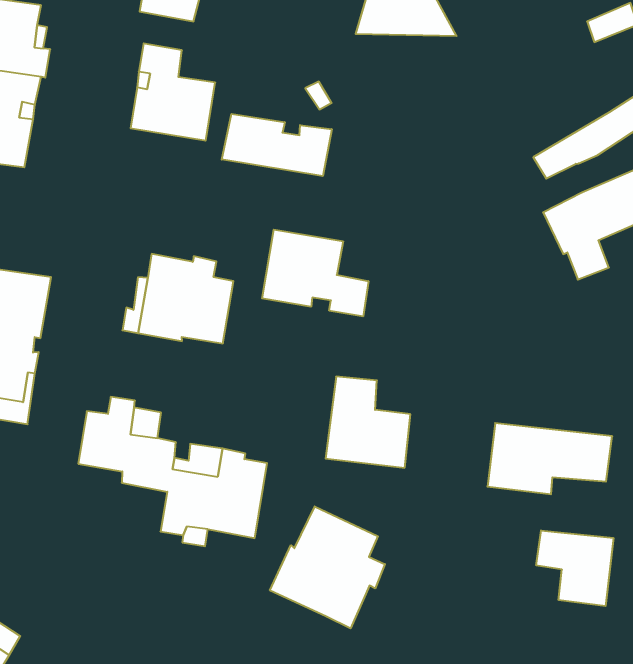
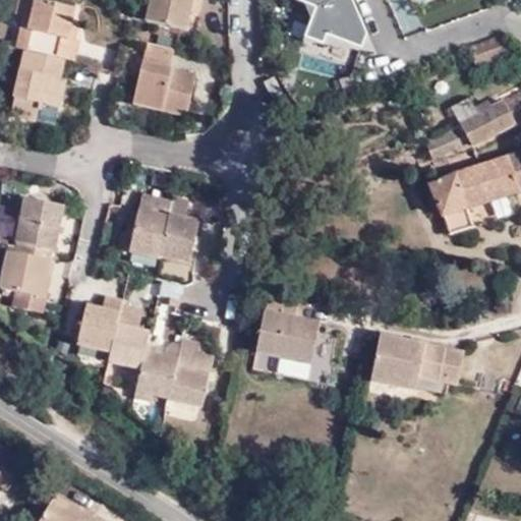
building: [222,114,332,176] -> none
building: [262,230,368,316] -> none
building: [270,506,385,628] -> none
building: [536,530,613,606] -> none

